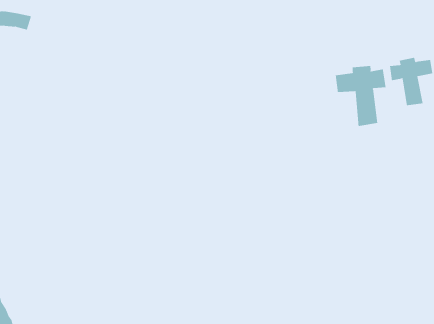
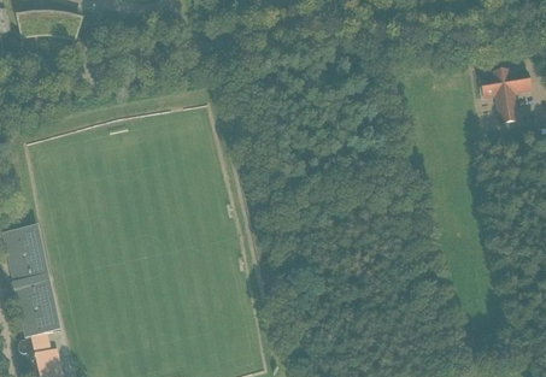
building: [335,65,386,127] -> none

